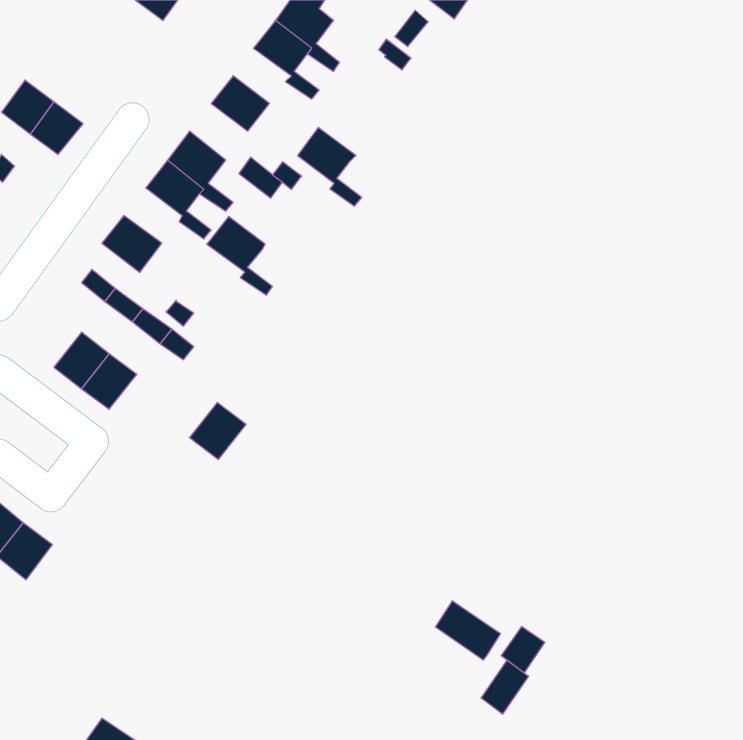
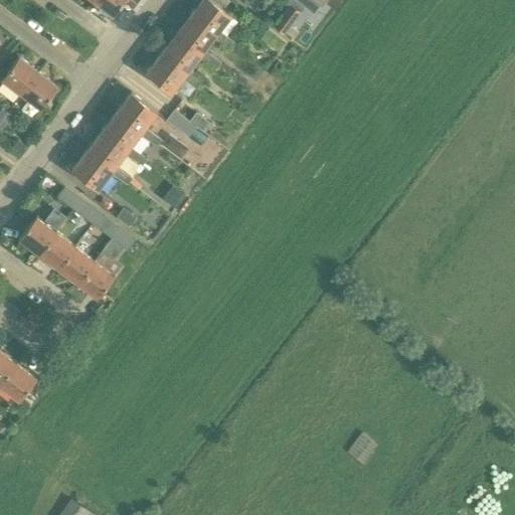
building: [298,128,362,206] -> [161,36,205,91]
building: [207,216,272,295] -> [85,133,131,187]
building: none -> [18,210,66,256]
building: [189,403,246,459] -> [75,262,115,301]
building: [435,601,500,660] -> none
building: [481,660,529,714] -> none

